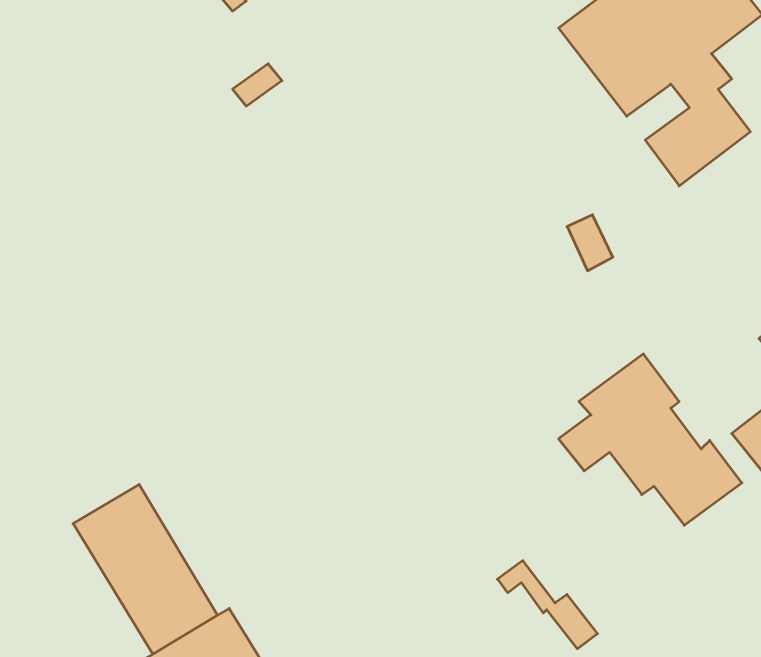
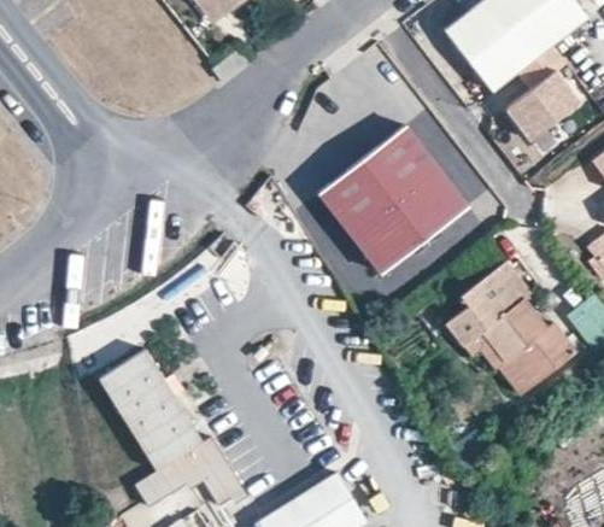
building: none -> [319,129,469,276]
building: [497,561,598,649] -> [462,328,533,391]

